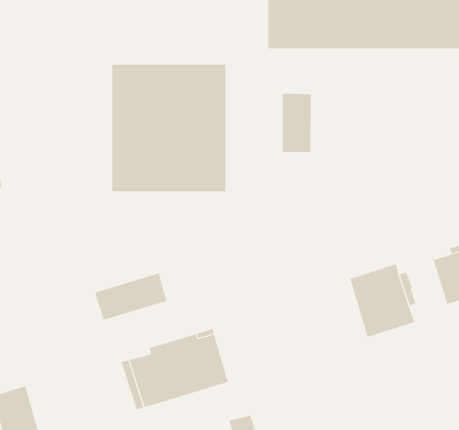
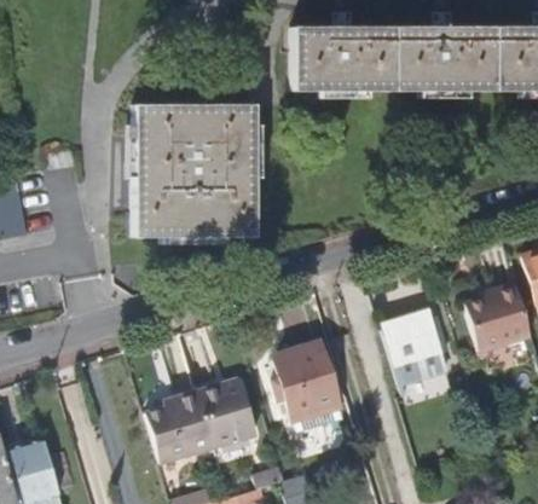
building: [282,93,311,153] -> none
building: [95,272,167,321] -> none
building: none -> [273,342,335,413]

